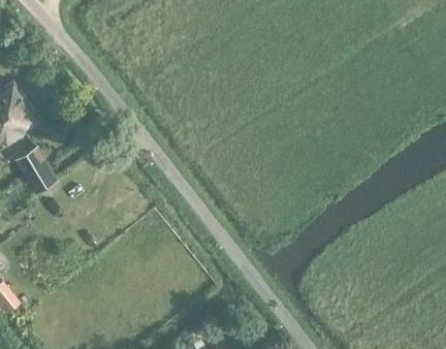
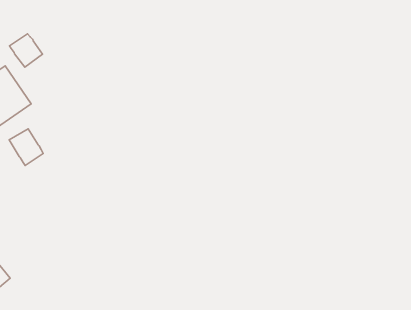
building: none -> [9,34,43,67]

